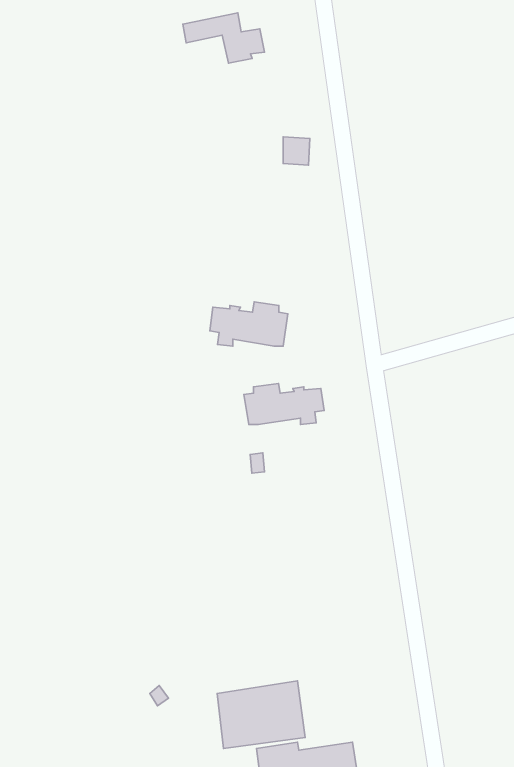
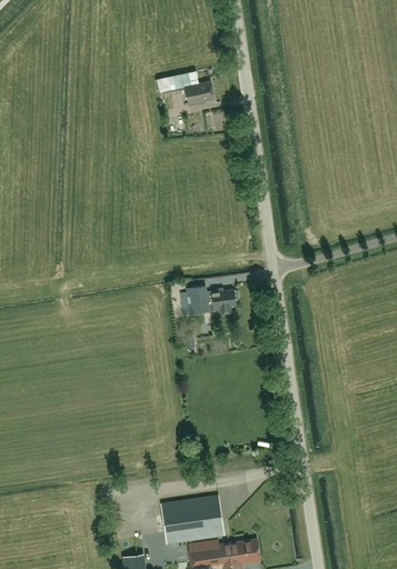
building: [183,13,265,63] -> [157,71,215,107]
building: [210,302,288,346] -> none

